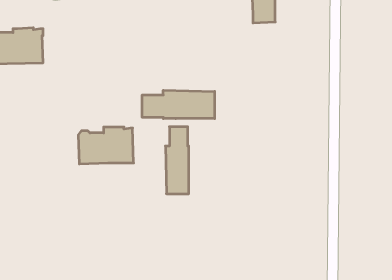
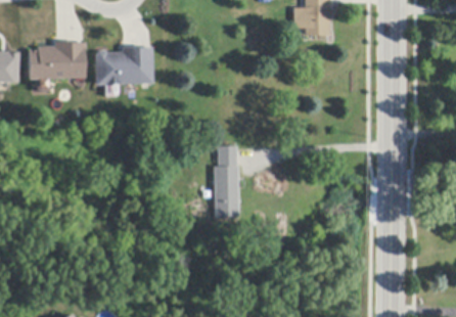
building: [142,90,215,119] -> none
building: [78,127,134,164] -> [94,46,152,85]

